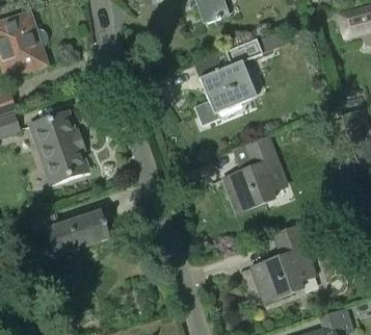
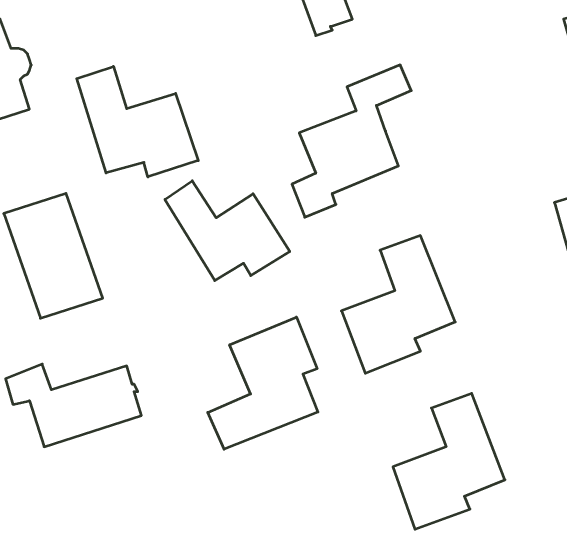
building: none -> [77,66,198,177]
building: none -> [165,181,290,281]
building: none -> [208,317,318,449]

